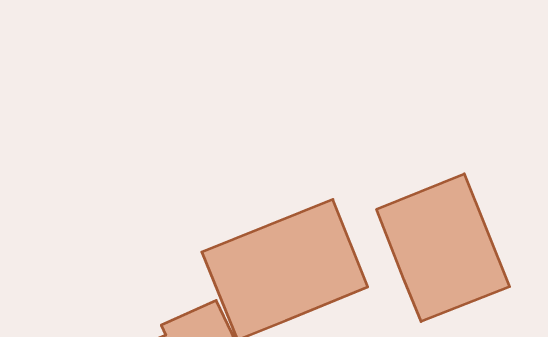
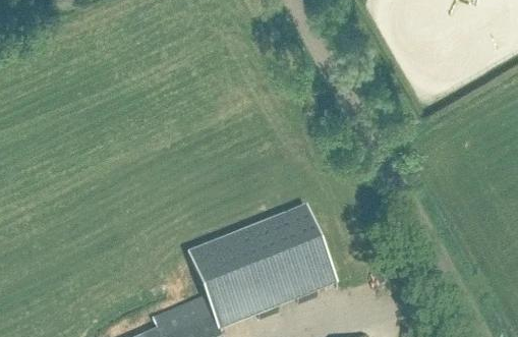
building: [377,174,510,322] -> none

